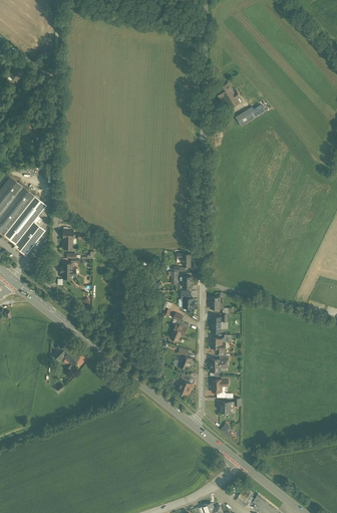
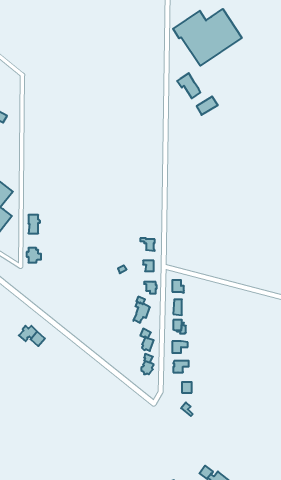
building: none -> [173,9,242,66]

